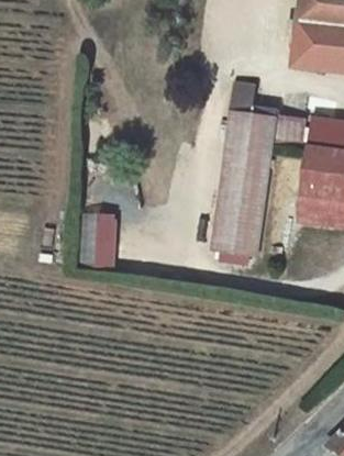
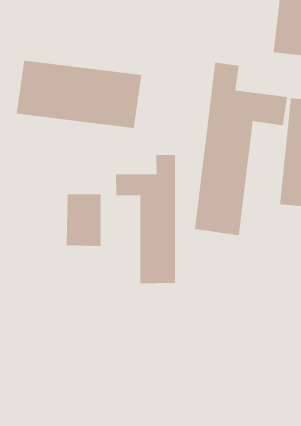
building: none -> [16,60,142,129]
building: none -> [115,154,175,284]

